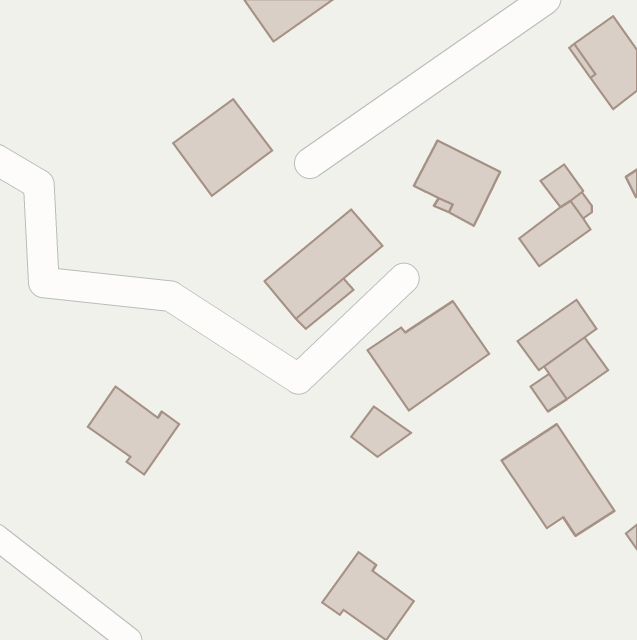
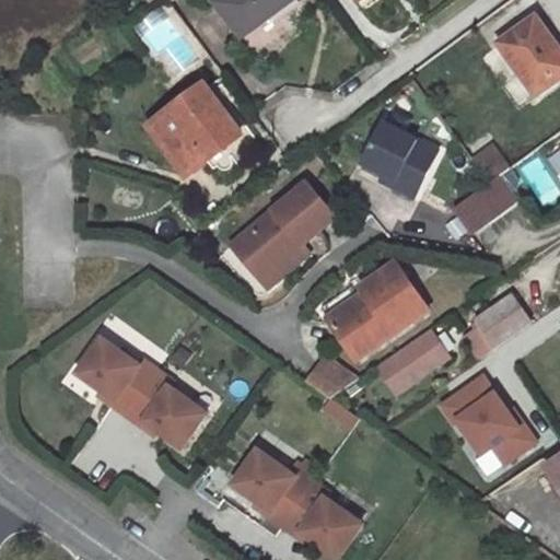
building: [518,300,597,370] -> [376,329,445,390]
building: none -> [126,370,205,446]
building: none -> [233,448,313,525]

